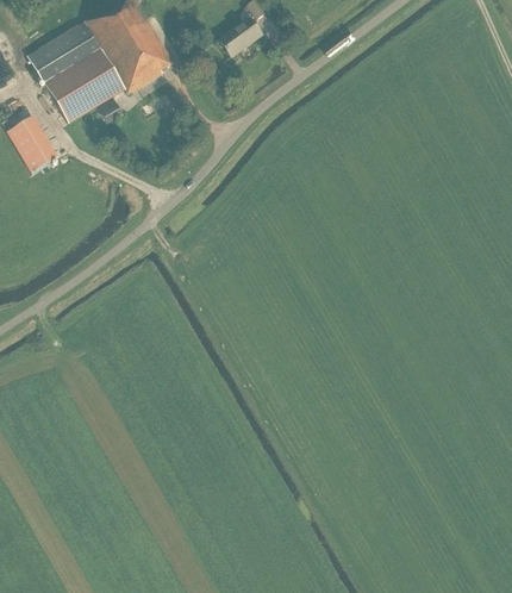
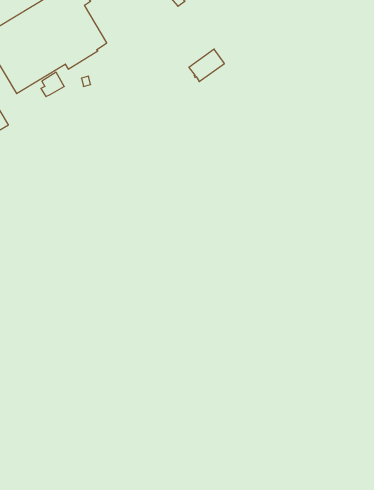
building: [220,18,262,56] -> [189,49,224,82]

